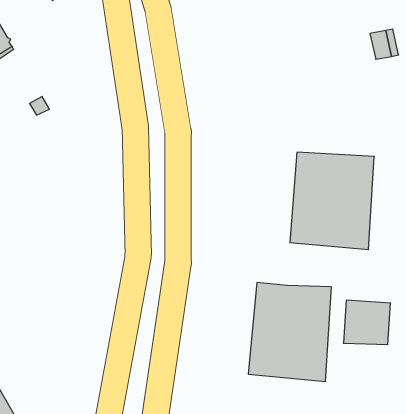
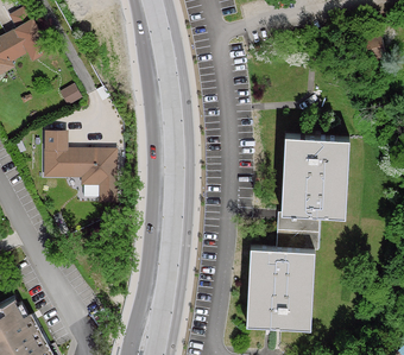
building: none -> [46,133,115,198]
building: [343,300,391,345] -> [277,210,316,247]

